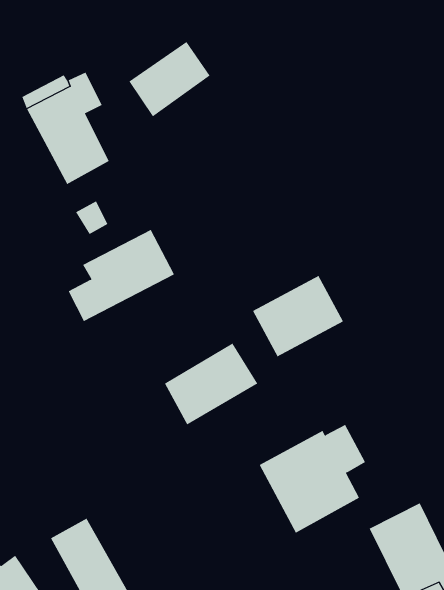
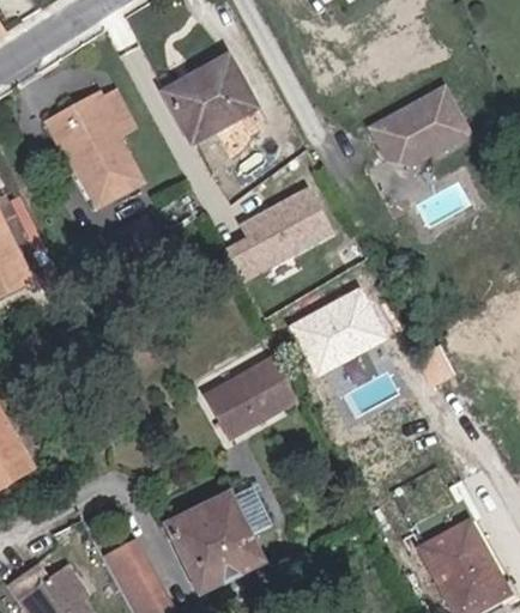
building: none -> [367,81,467,160]
building: [68,229,175,322] -> [229,189,337,283]
building: [259,424,366,534] -> [167,486,274,596]

